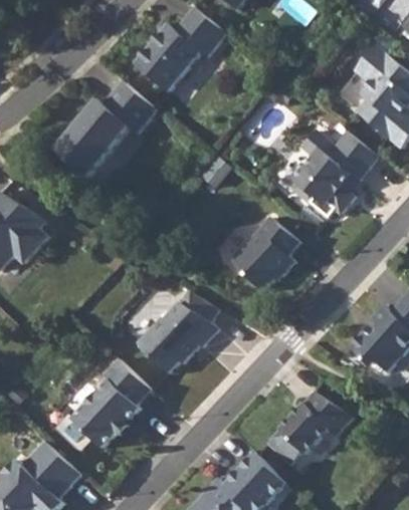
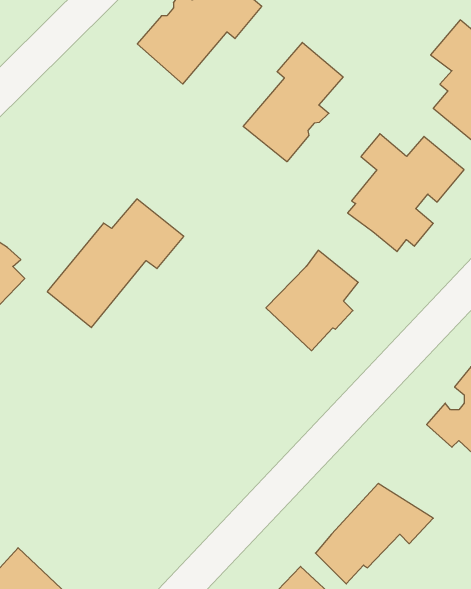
building: none -> [243,42,343,162]
building: [54,82,157,179] -> [47,199,184,328]
building: [137,303,218,373] -> none
building: [70,359,150,448] -> none

